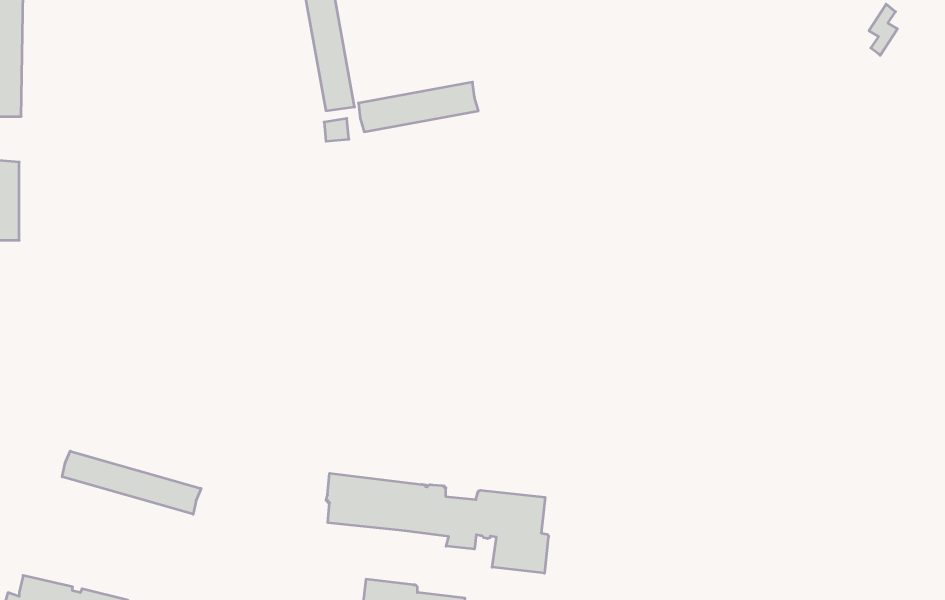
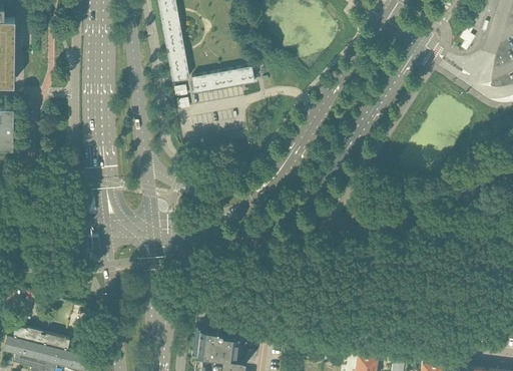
building: [62,451,201,514] -> none
building: [326,473,549,573] -> none

